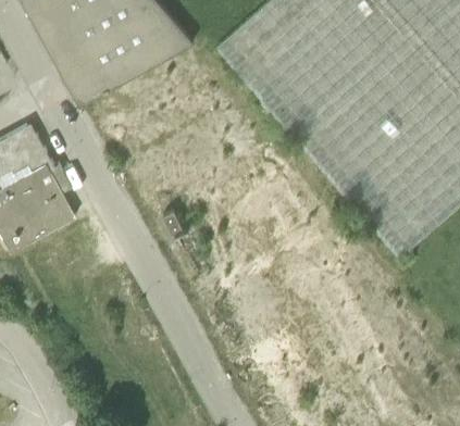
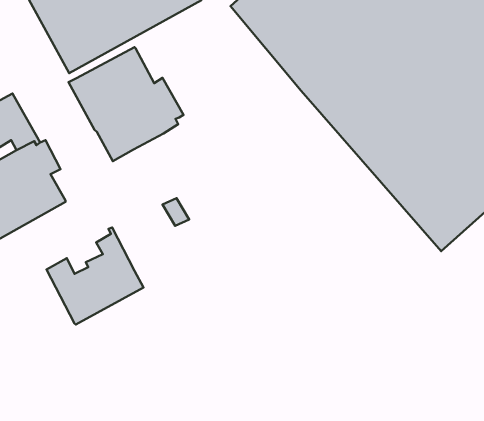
building: none -> [69,47,184,161]
building: none -> [46,227,144,324]

